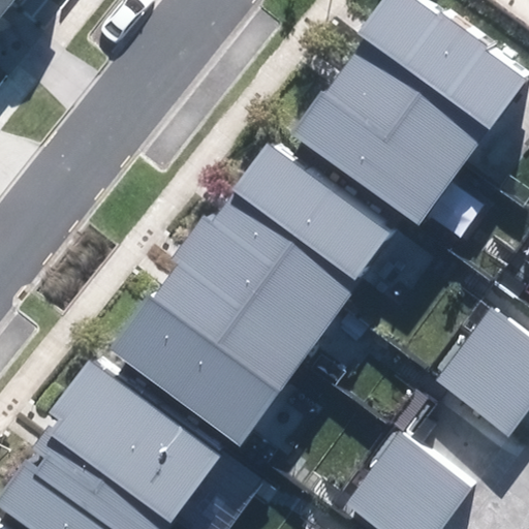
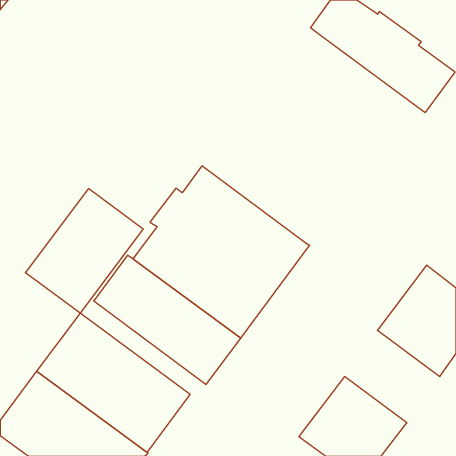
building: [298,38,491,223] -> none
building: [234,145,391,282] -> none
building: none -> [25,189,143,313]

